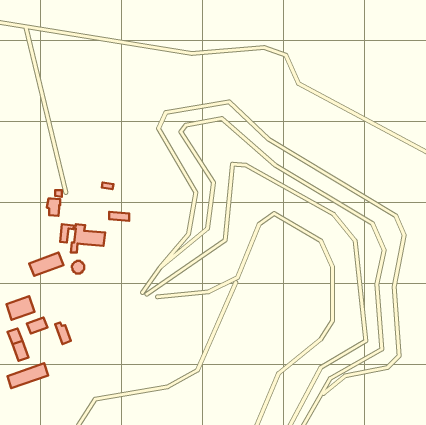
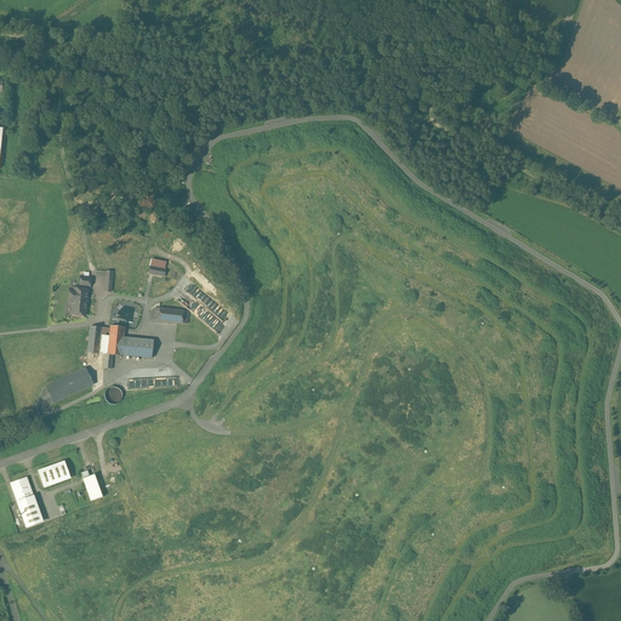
building: [6,296,34,320] -> none
building: [7,363,48,388] -> none

